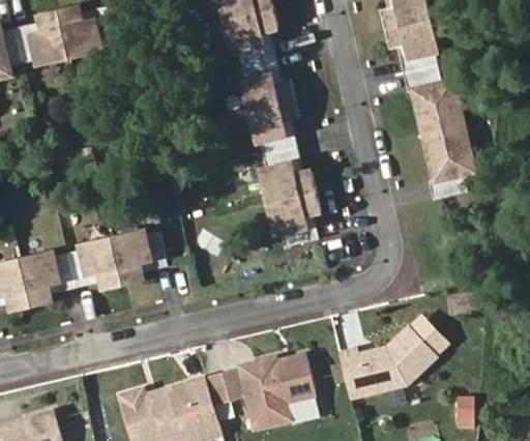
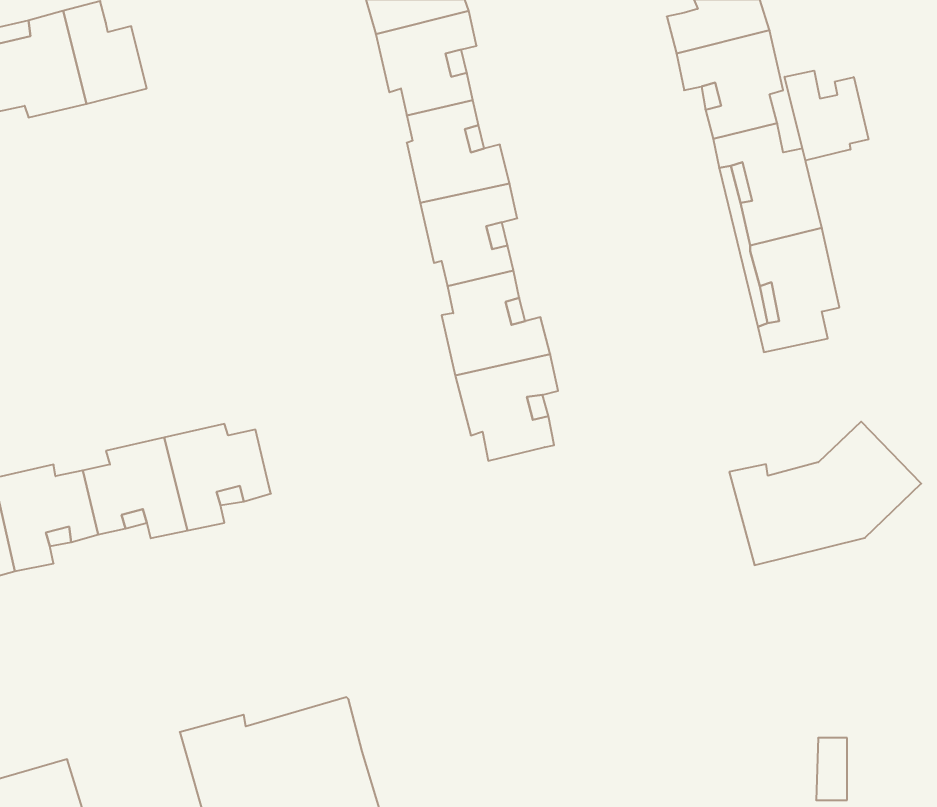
building: none -> [785,71,868,161]
building: [341,323,443,400] -> [729,422,921,565]
building: [209,351,321,428] -> none

